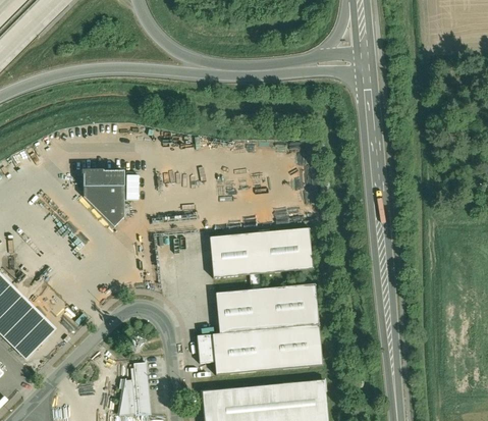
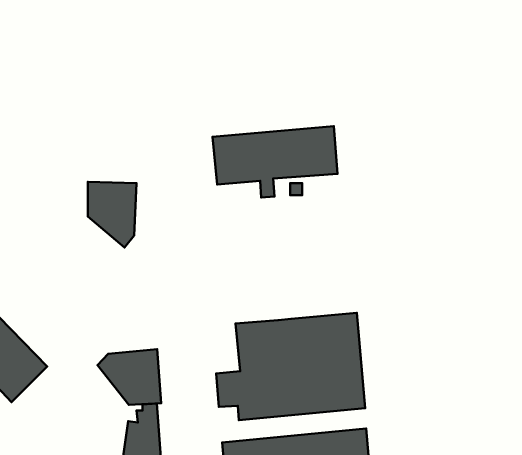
building: [208,227,315,288] -> [212,126,337,198]
building: none -> [97,349,161,405]

